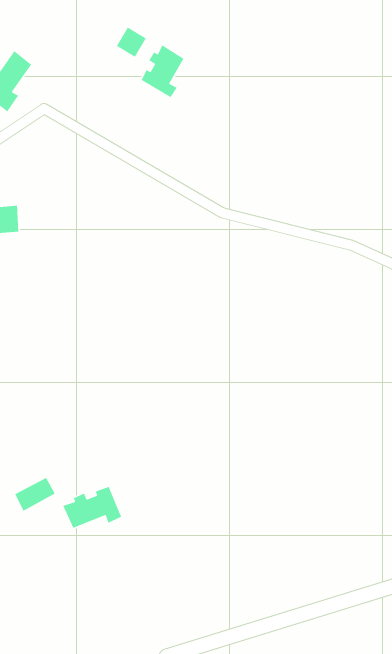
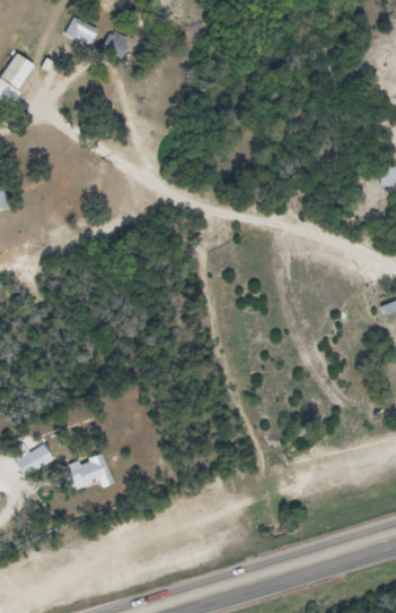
building: none -> [63,16,97,47]
building: [140,44,185,98] -> none

